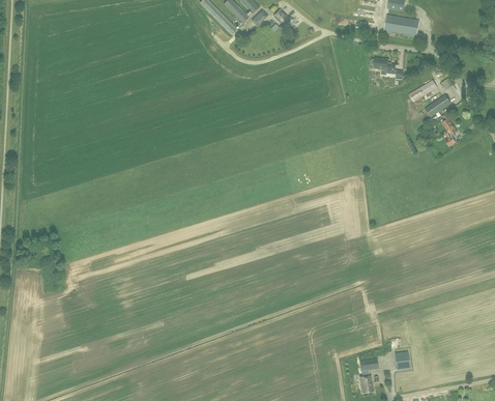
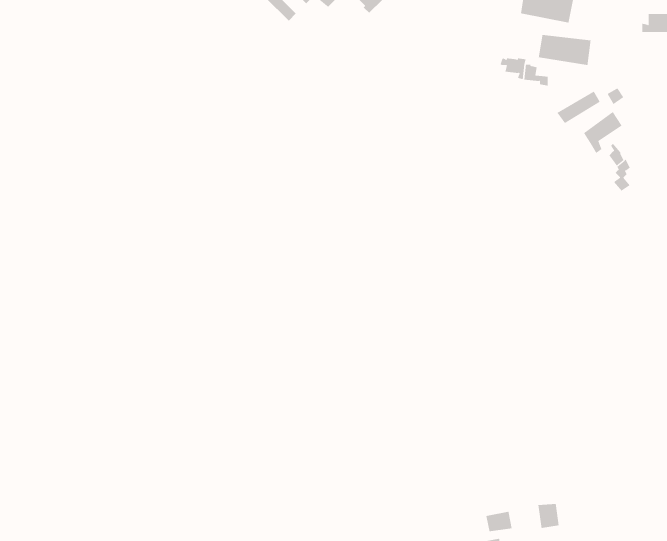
building: none -> [538,34,591,66]

